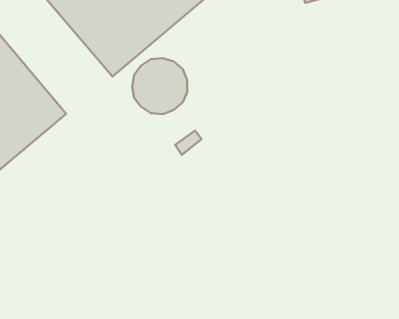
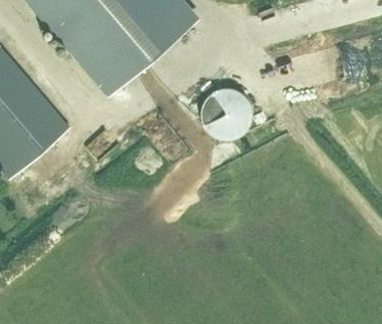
building: [132,58,187,114] -> [200,89,250,140]

